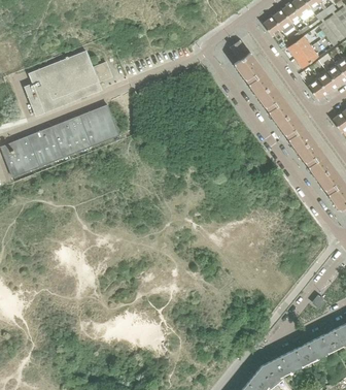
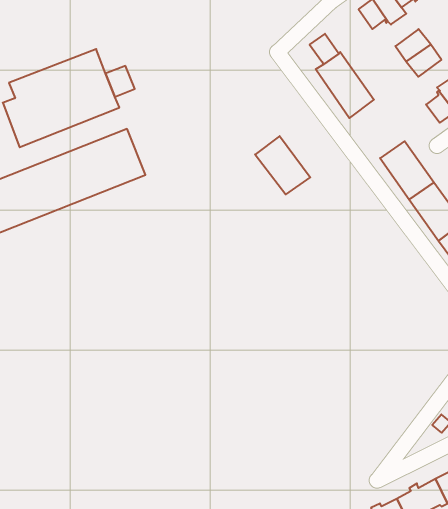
building: [256,84,293,123] -> [255,136,310,194]

